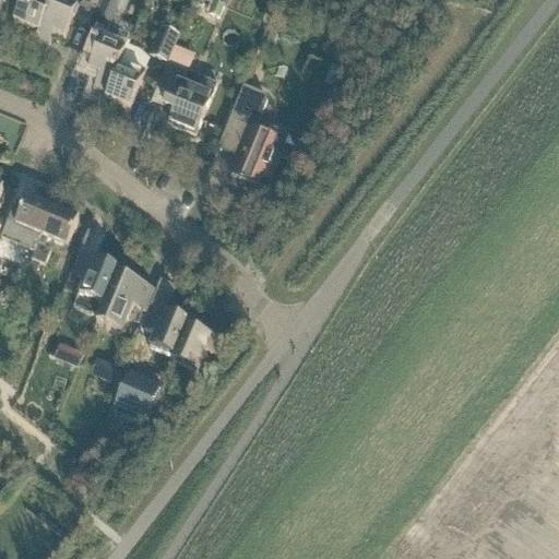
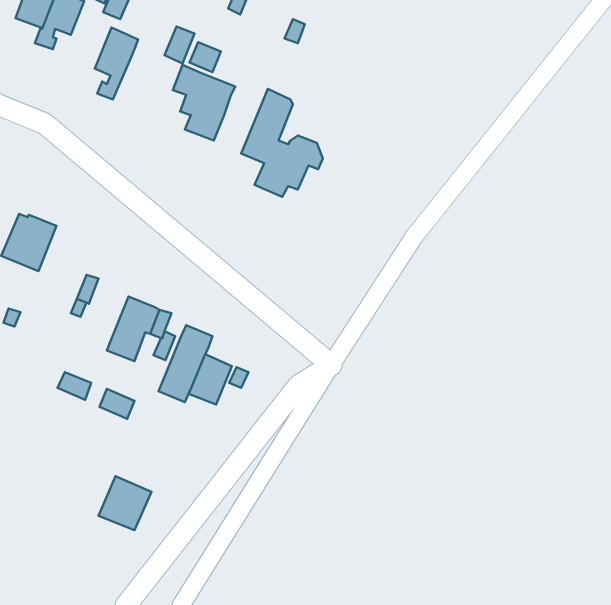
building: [103,45,145,102] -> none
building: [31,205,78,261] -> none
building: [75,255,119,313] -> none
building: [112,368,160,417] -> [99,476,151,530]

